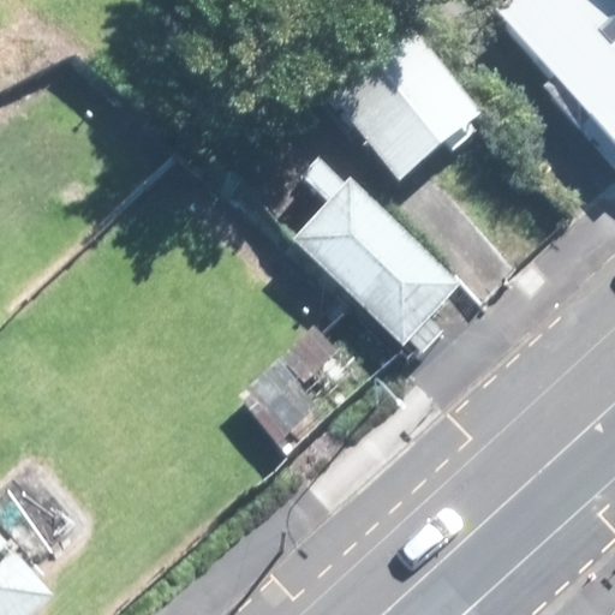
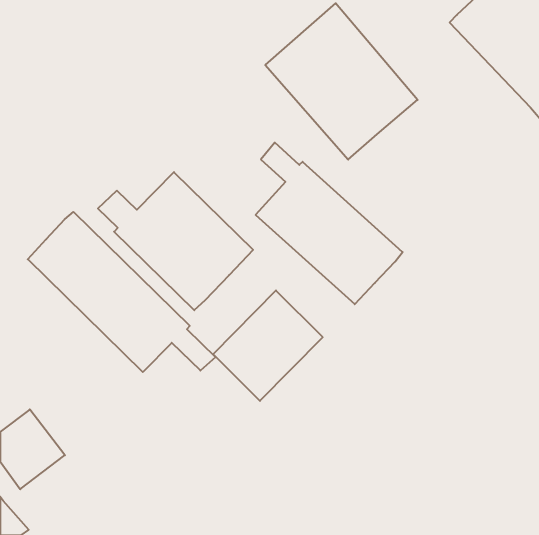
building: none -> [98,172,253,310]
building: none -> [28,212,216,372]

